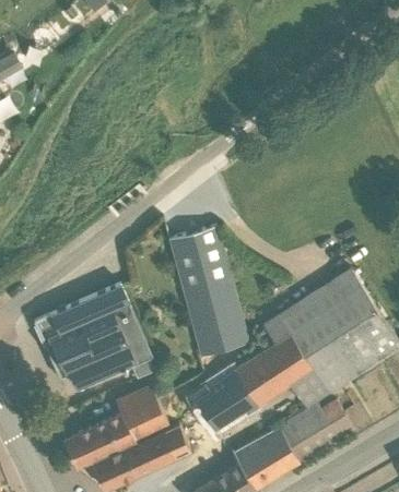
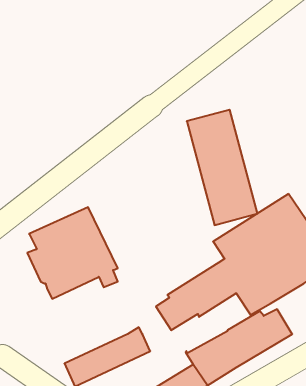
building: [168,227,249,359] -> [187,110,257,225]
building: [63,388,168,468] -> none

